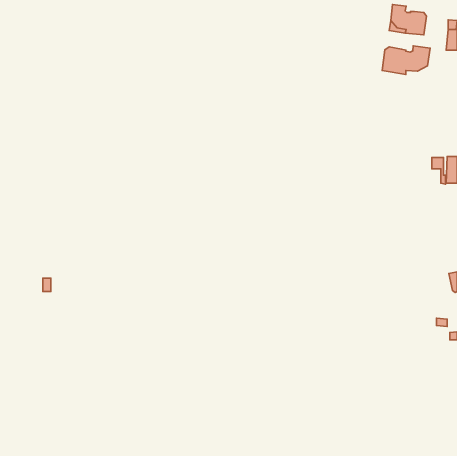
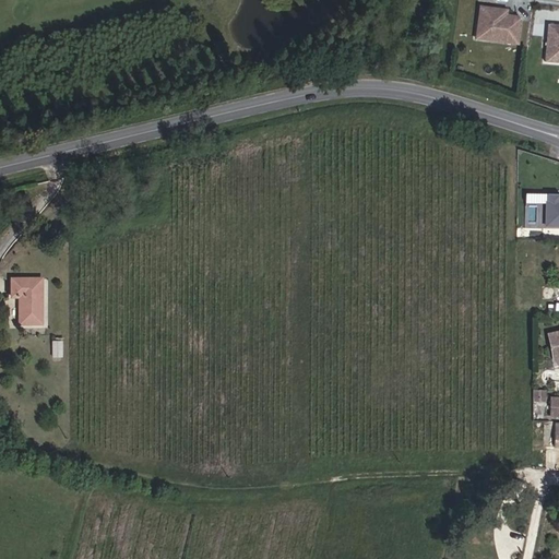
building: [382,46,430,74] -> none
building: none -> [11,277,41,323]

